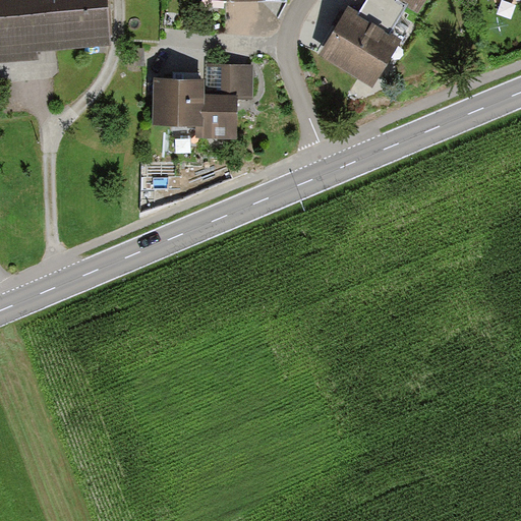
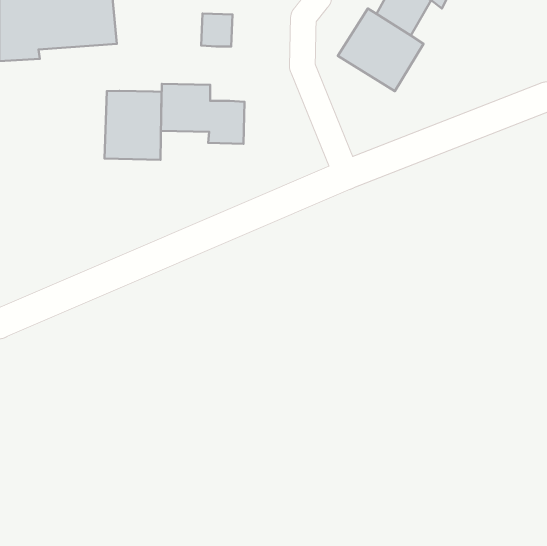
building: [218,65,247,97] -> [201,13,232,47]
building: none -> [105,91,162,160]

